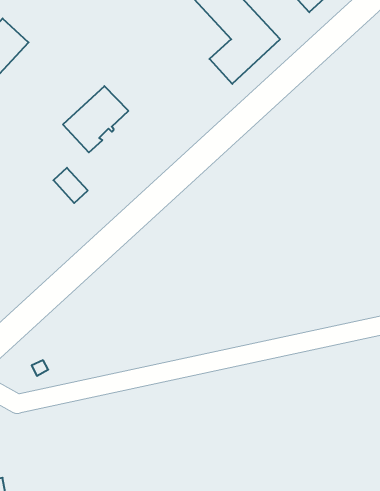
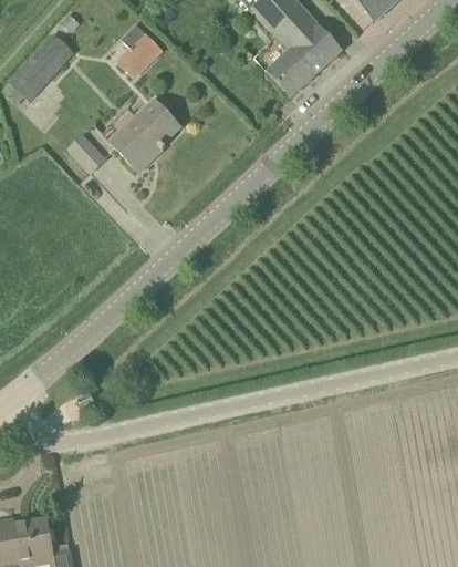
building: none -> [116,22,163,79]
building: [53,168,88,203] -> [69,134,105,172]

